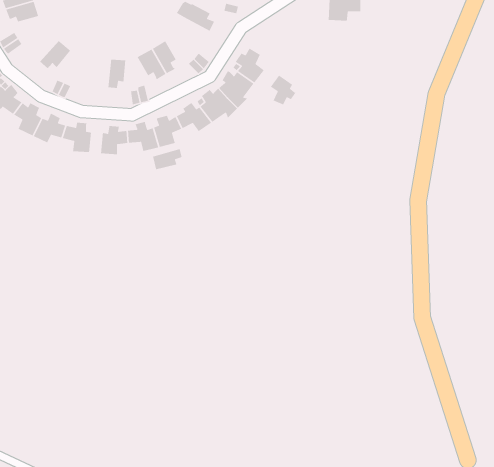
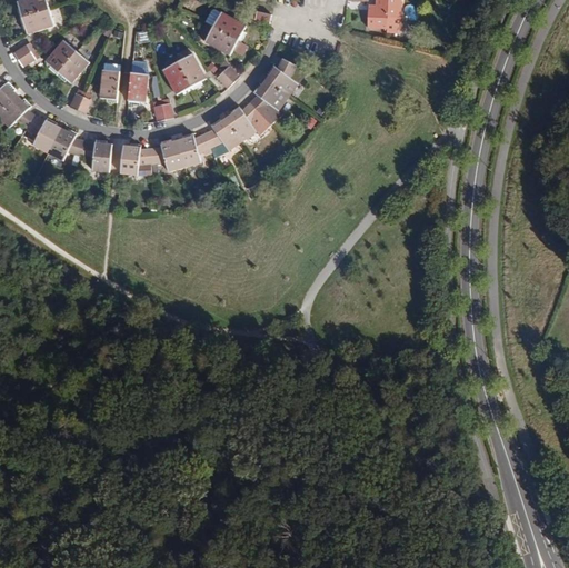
building: none -> [202,27,246,56]
building: none -> [48,40,77,74]
building: none -> [101,68,121,101]
building: [270,75,297,105] -> none
building: [152,148,183,170] -> none

